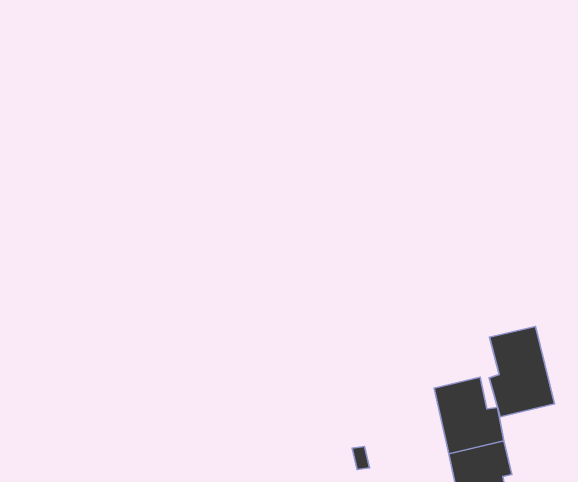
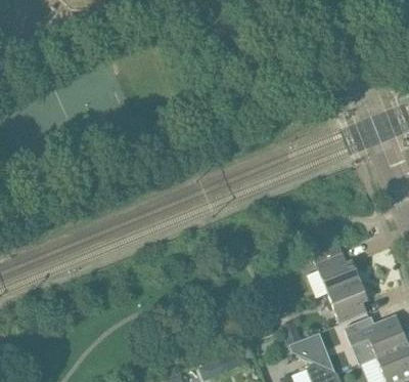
building: [489,327,554,417] -> none

